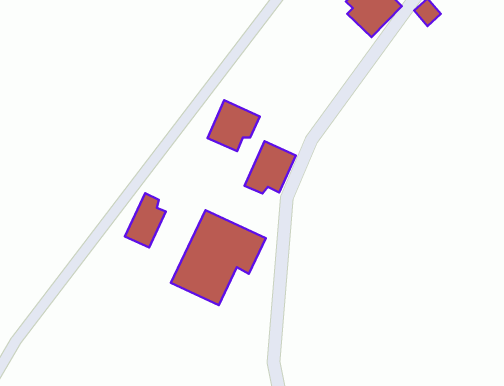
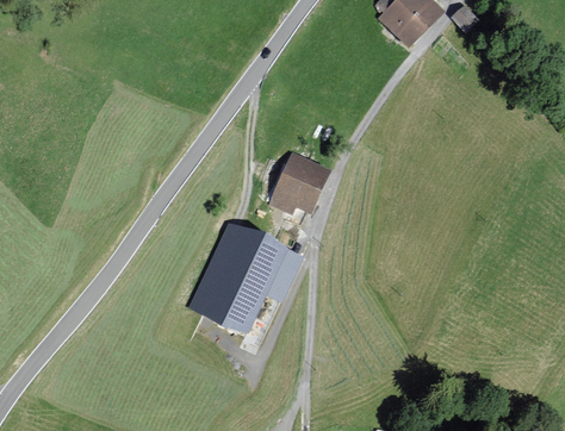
building: [207,100,260,151] -> none
building: [125,193,166,248] -> none

